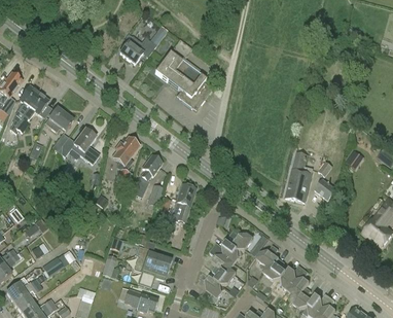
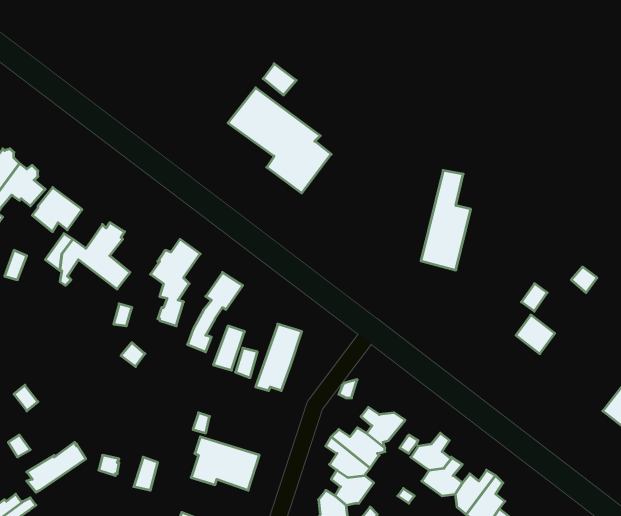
building: [119,26,168,64] -> none
building: [285,146,313,202] -> [421,170,471,270]

